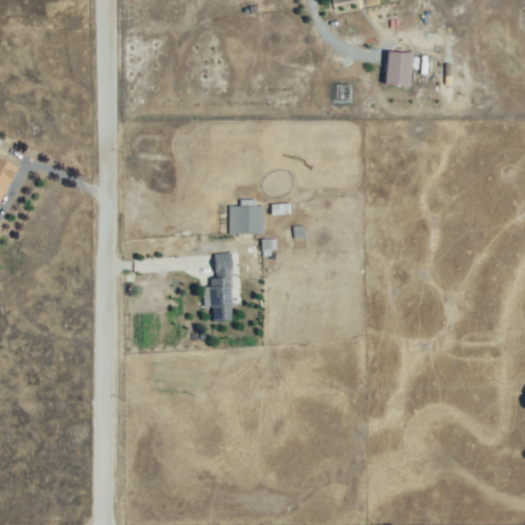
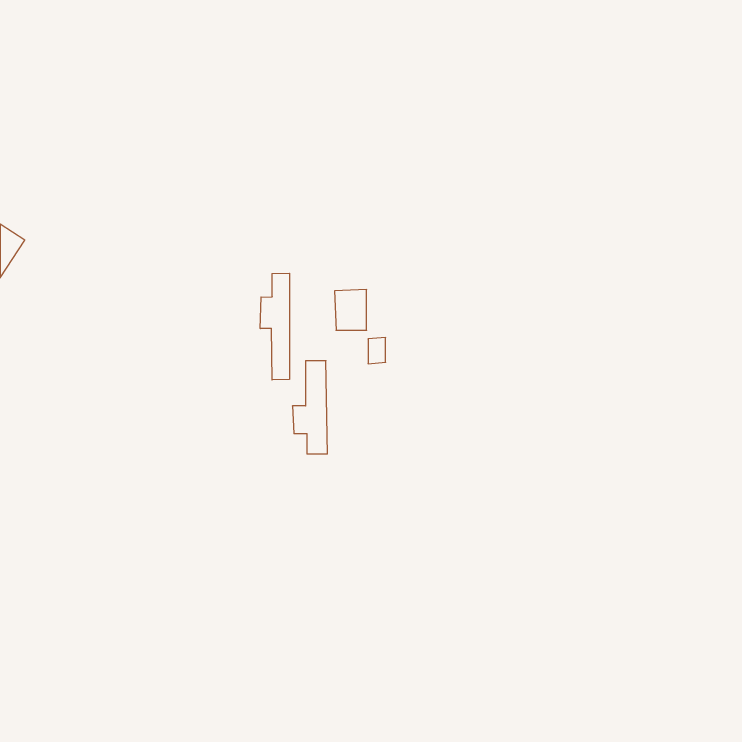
building: [388,52,412,84] -> none
building: none -> [260,273,289,380]

